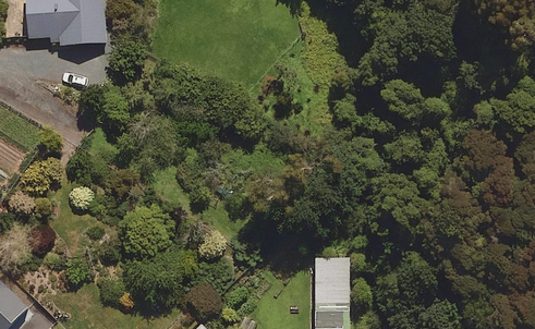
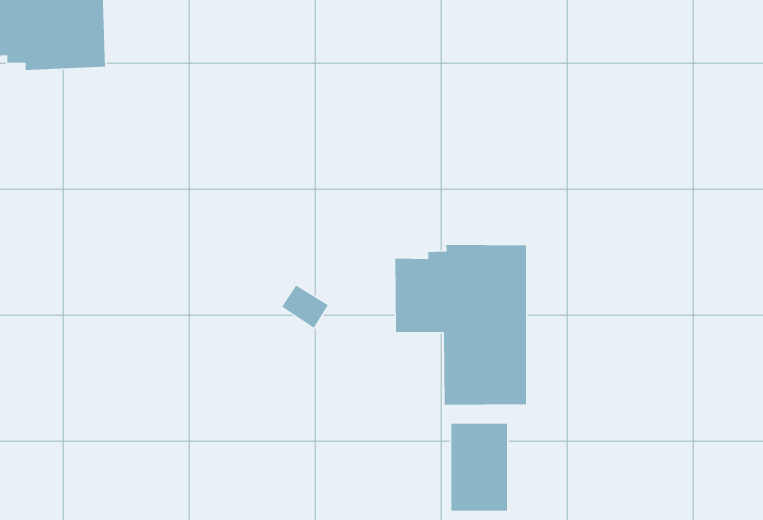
building: none -> [394,244,527,406]

